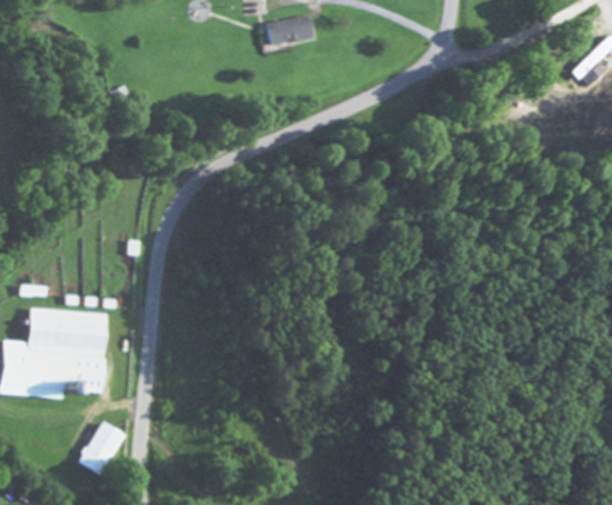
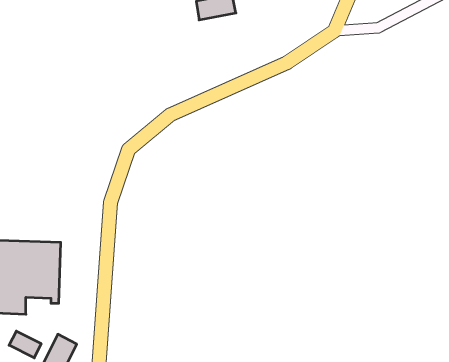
building: none -> [9,331,41,358]

